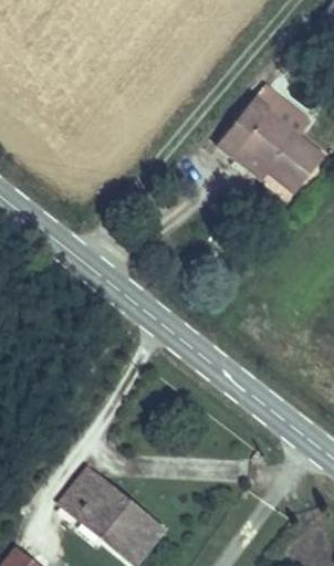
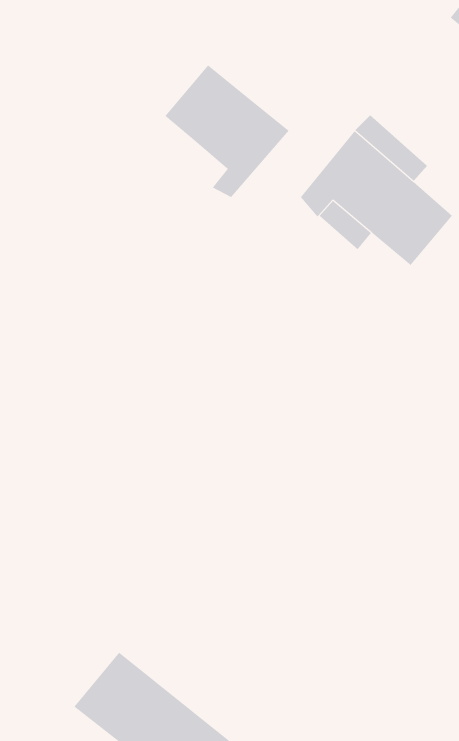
building: none -> [165,65,289,198]

